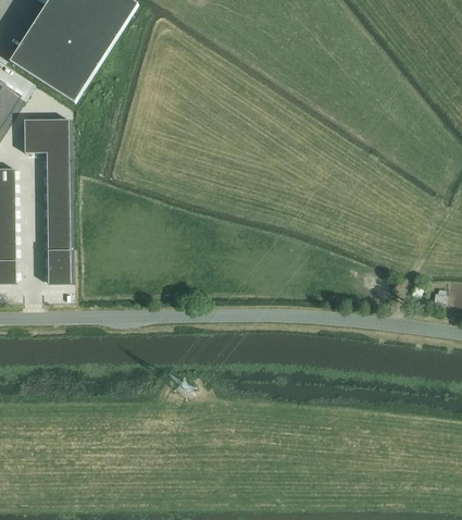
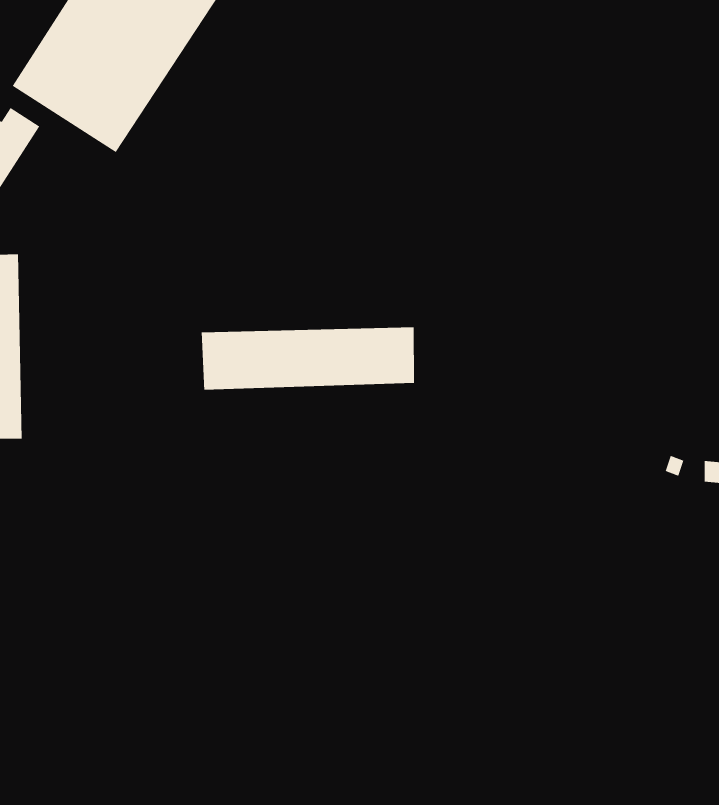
building: [24,119,71,283] -> none
building: none -> [201,327,415,390]

